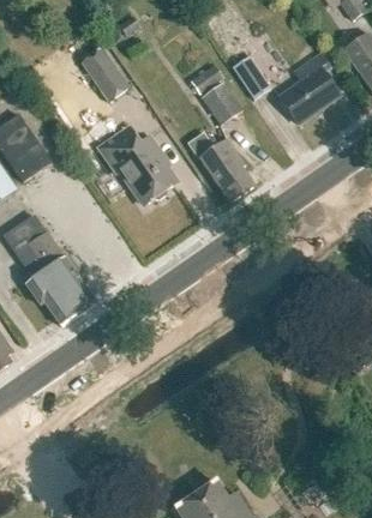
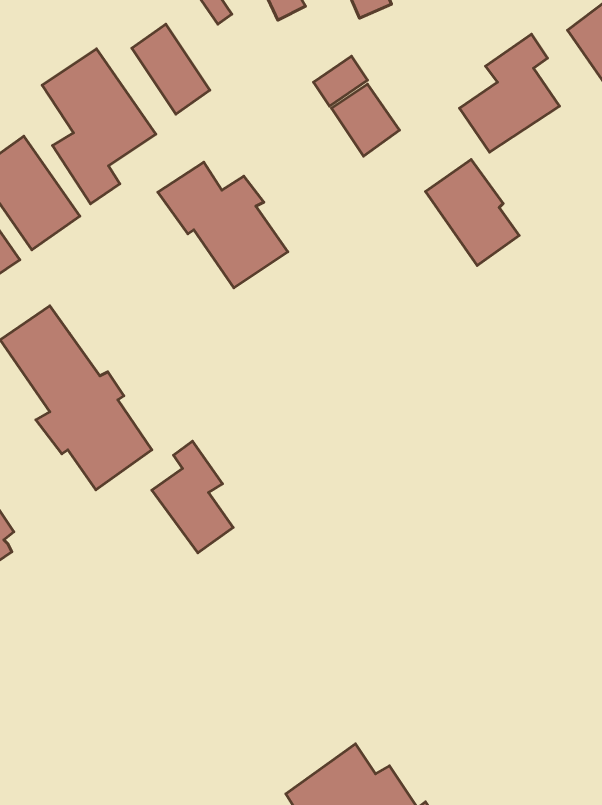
building: [233,53,274,100] -> none
building: none -> [42,49,156,204]
building: [199,139,256,203] -> [425,159,519,265]
building: none -> [152,441,233,553]

